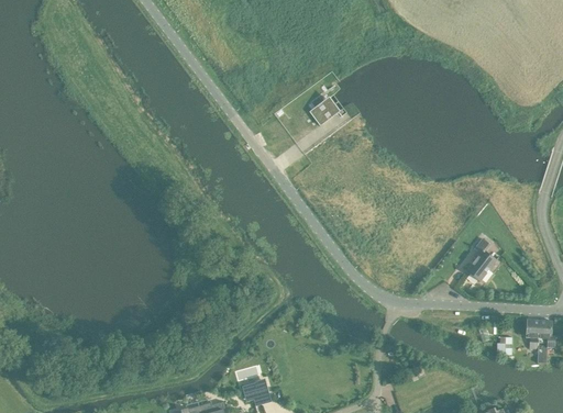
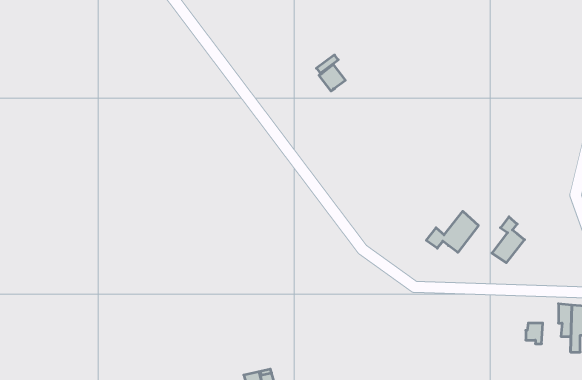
building: none -> [426,211,478,252]

